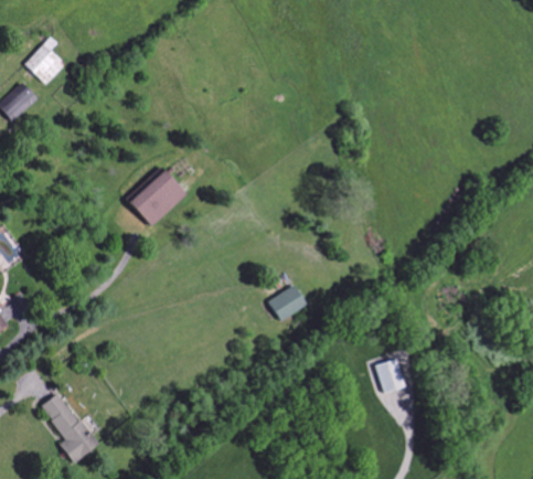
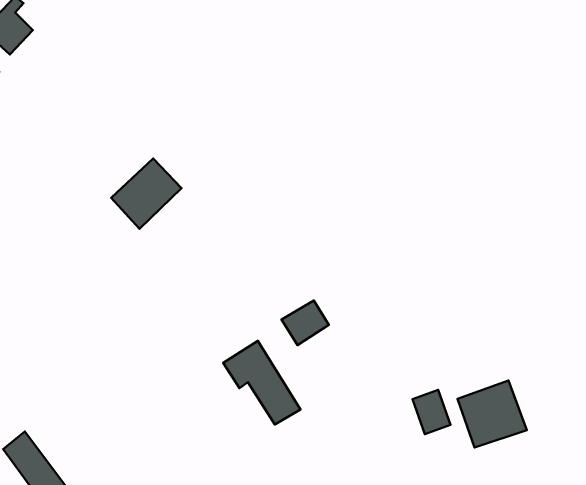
building: none -> [223,341,301,424]
building: none -> [458,380,527,448]

